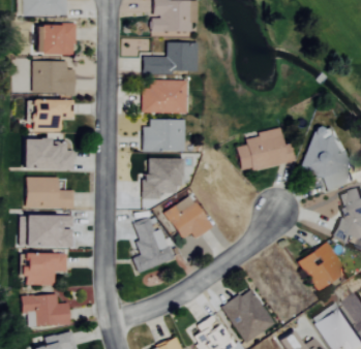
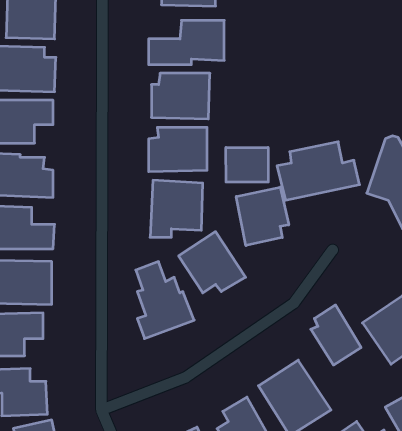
building: none -> [226,147,268,182]
building: none -> [236,187,289,246]
building: none -> [311,305,361,365]

